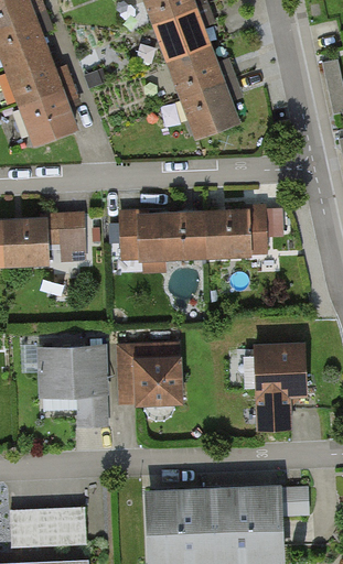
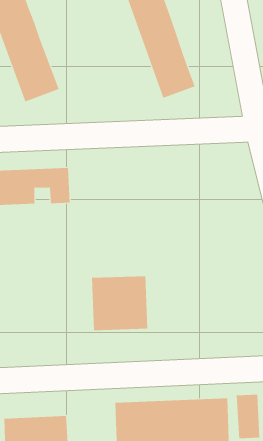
building: [122,208,268,254] -> none
building: [248,341,304,432] -> none
building: [34,347,106,429] -> none

